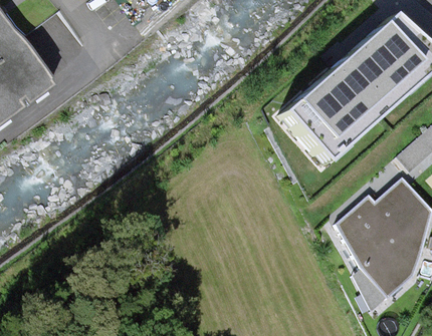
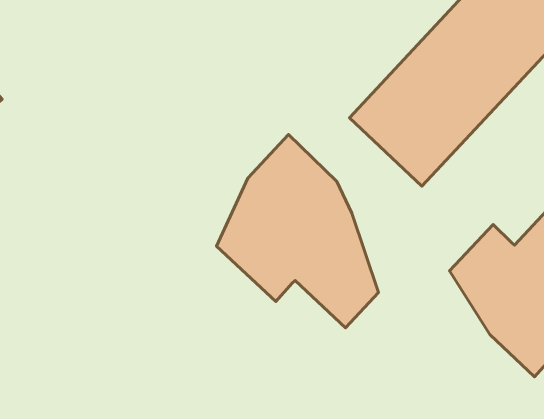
building: none -> [217,135,378,328]

